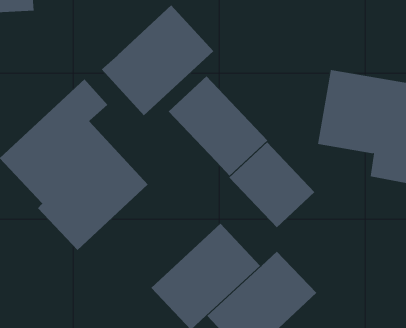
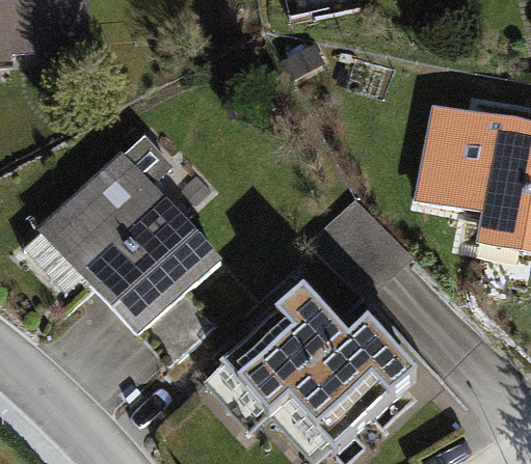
building: [101,4,214,116] -> none
building: [168,75,268,176] -> none

